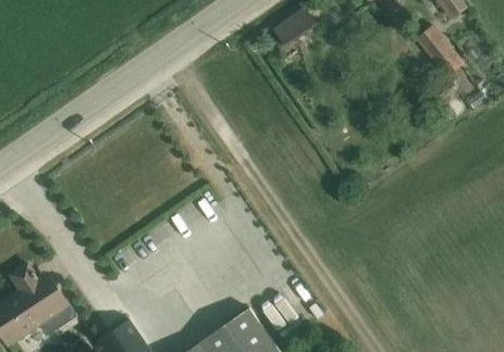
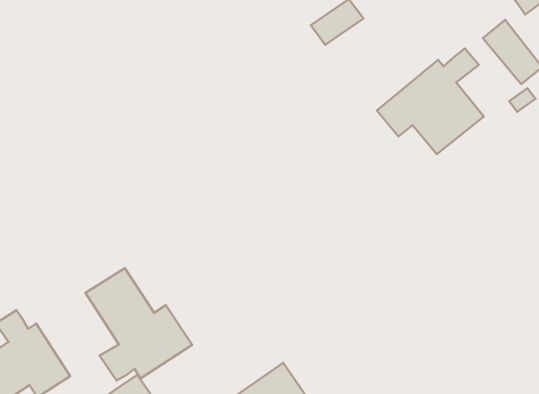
building: none -> [377,49,484,154]
building: none -> [86,268,192,381]

